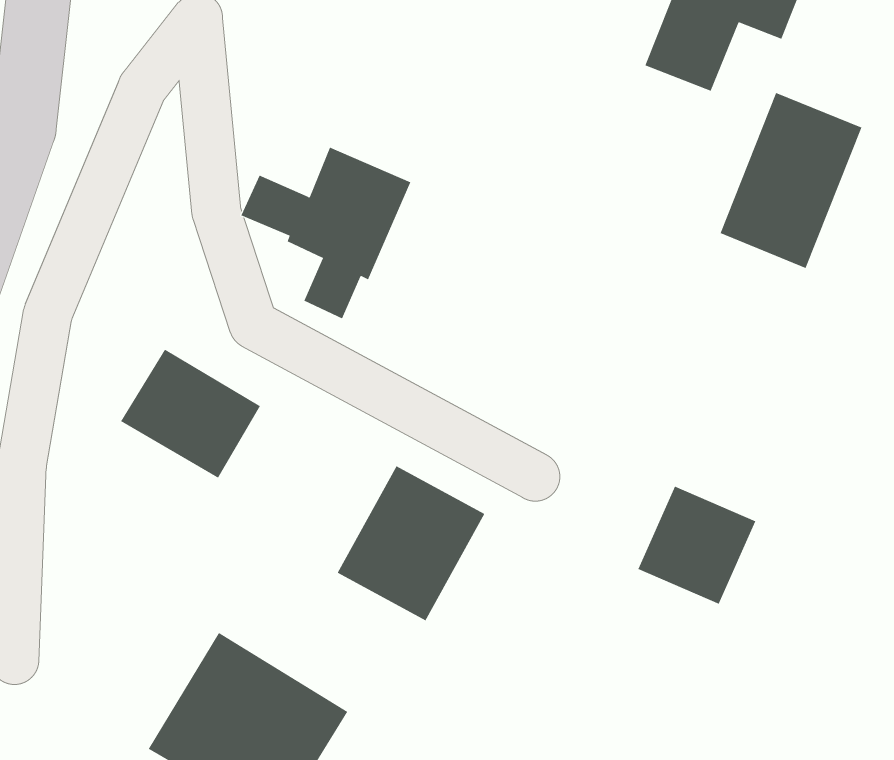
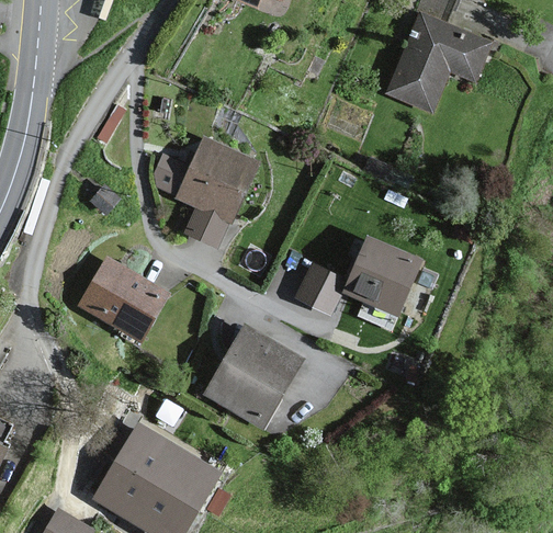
building: [720,92,862,269] -> none
building: none -> [297,266,340,309]
building: [638,486,756,604] -> [346,240,416,310]

